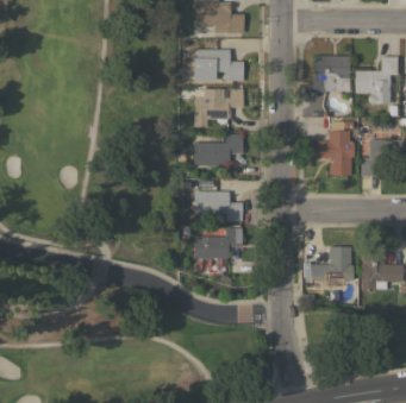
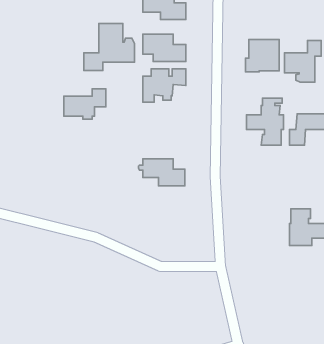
building: none -> [84,23,134,70]
building: [195,134,243,169] -> [64,89,106,119]
building: [194,228,243,258] -> none
building: [304,246,355,288] -> none

